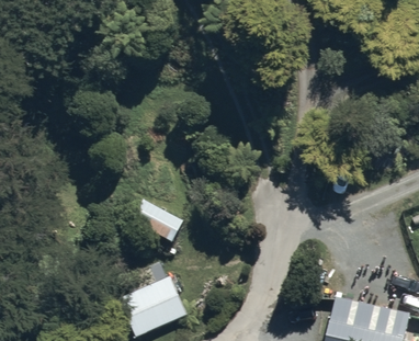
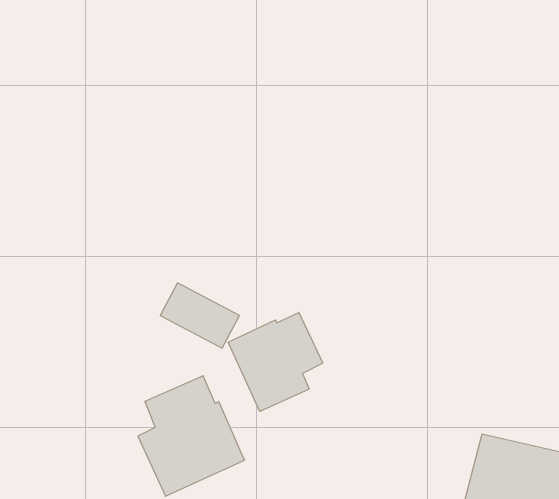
building: none -> [228,312,323,411]

